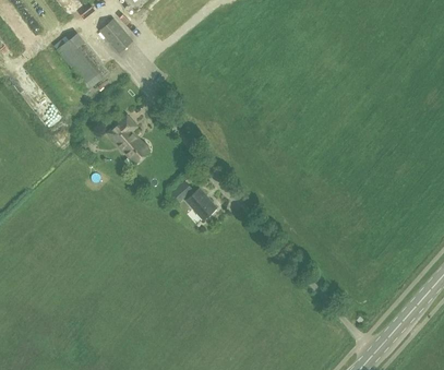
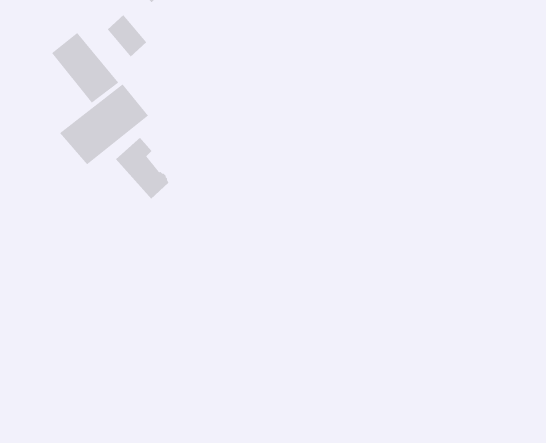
building: none -> [59,84,149,165]
building: [171,180,215,218] -> none

